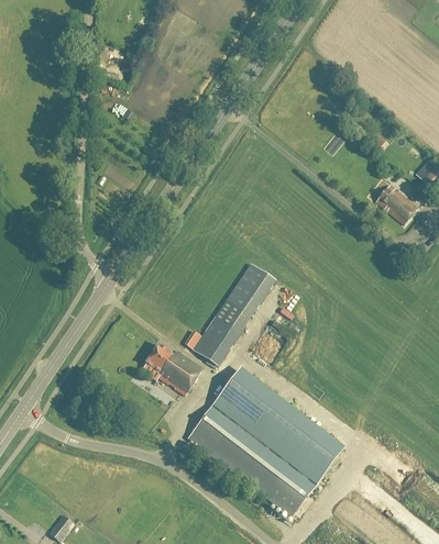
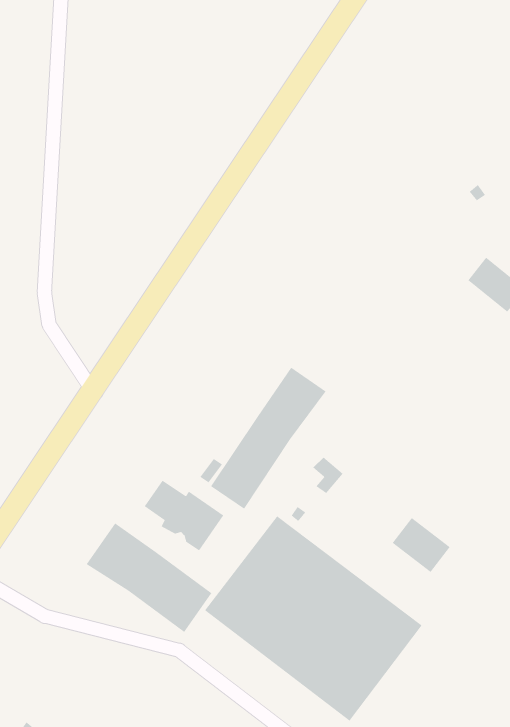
building: none -> [392,517,450,573]
building: none -> [86,522,212,633]

